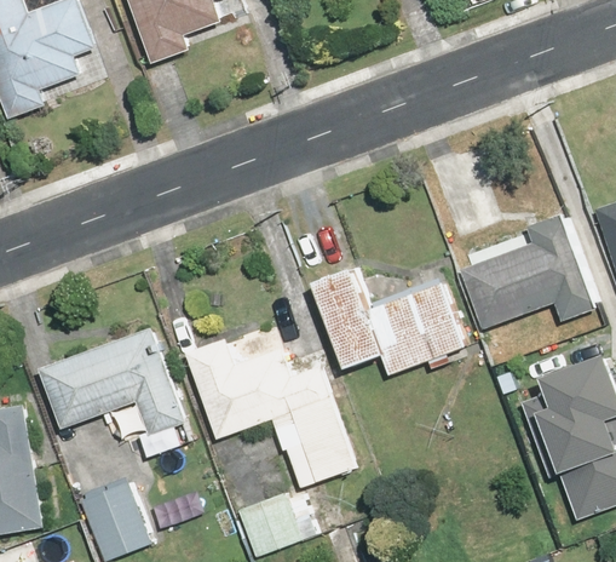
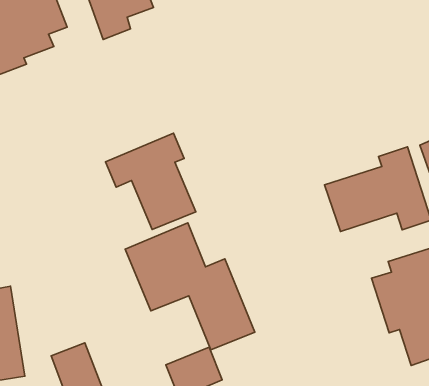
building: none -> [106,133,196,230]
building: [311,265,470,378] -> none
building: [40,325,188,440] -> none

